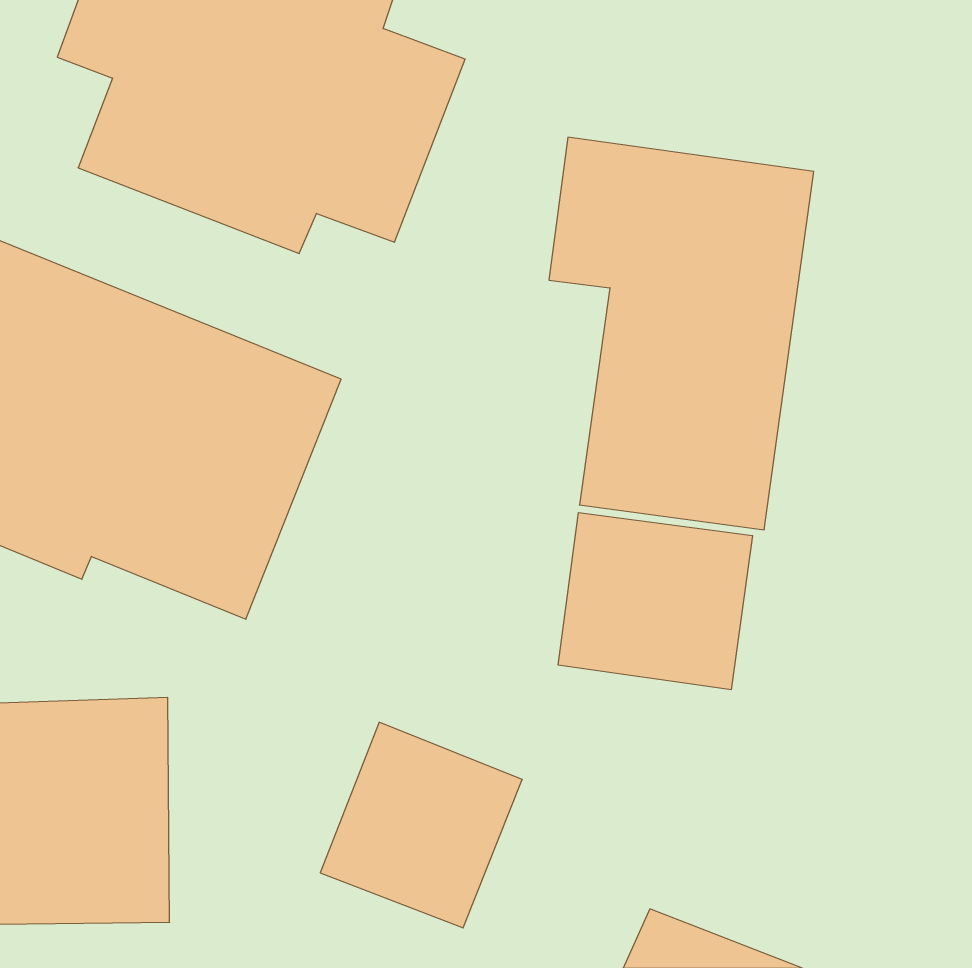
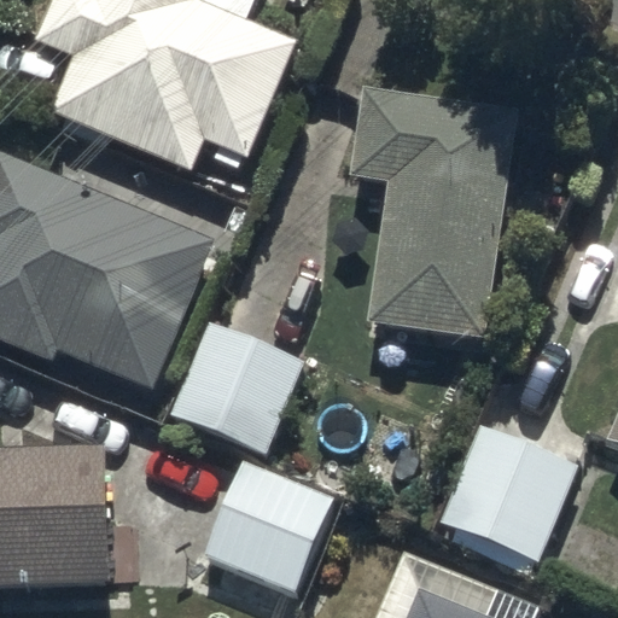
building: none -> [169,313,308,451]
building: [558,513,753,690] -> none
building: none -> [445,443,583,582]

